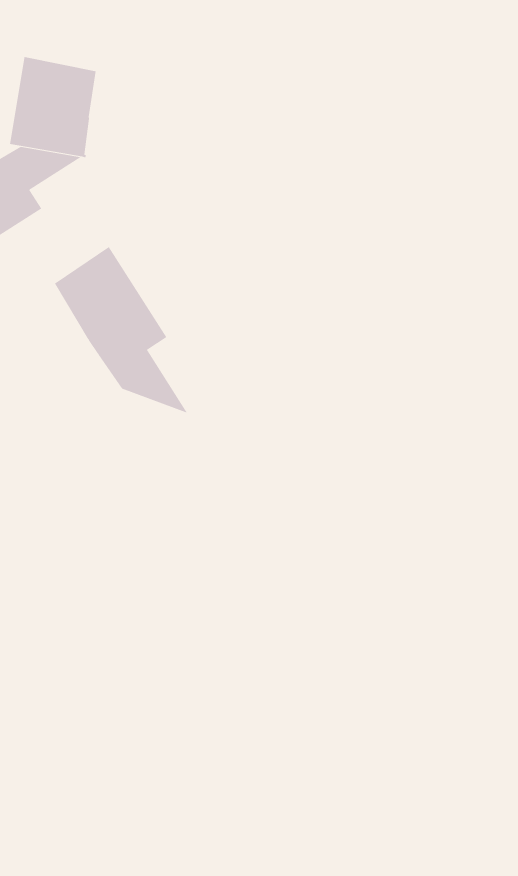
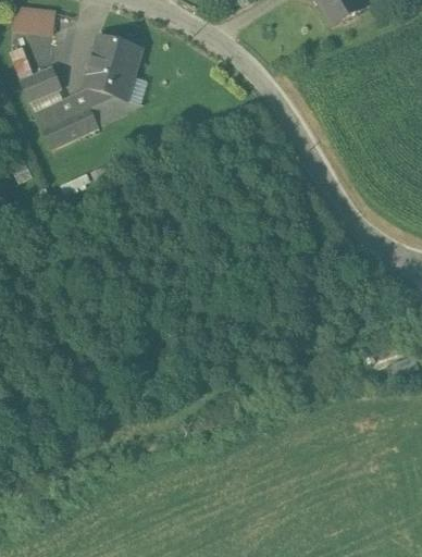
building: [54,246,188,414] -> none

